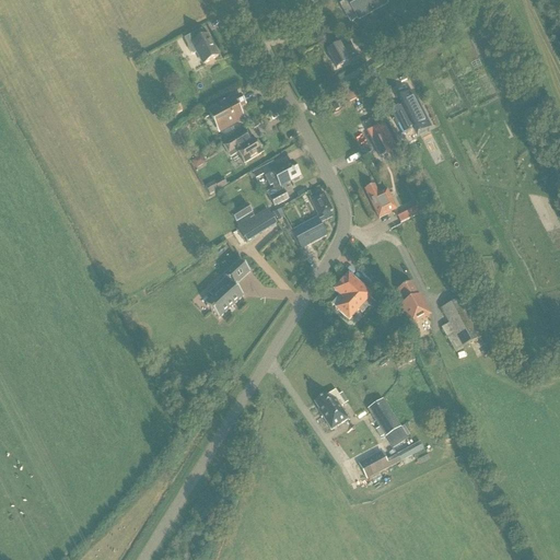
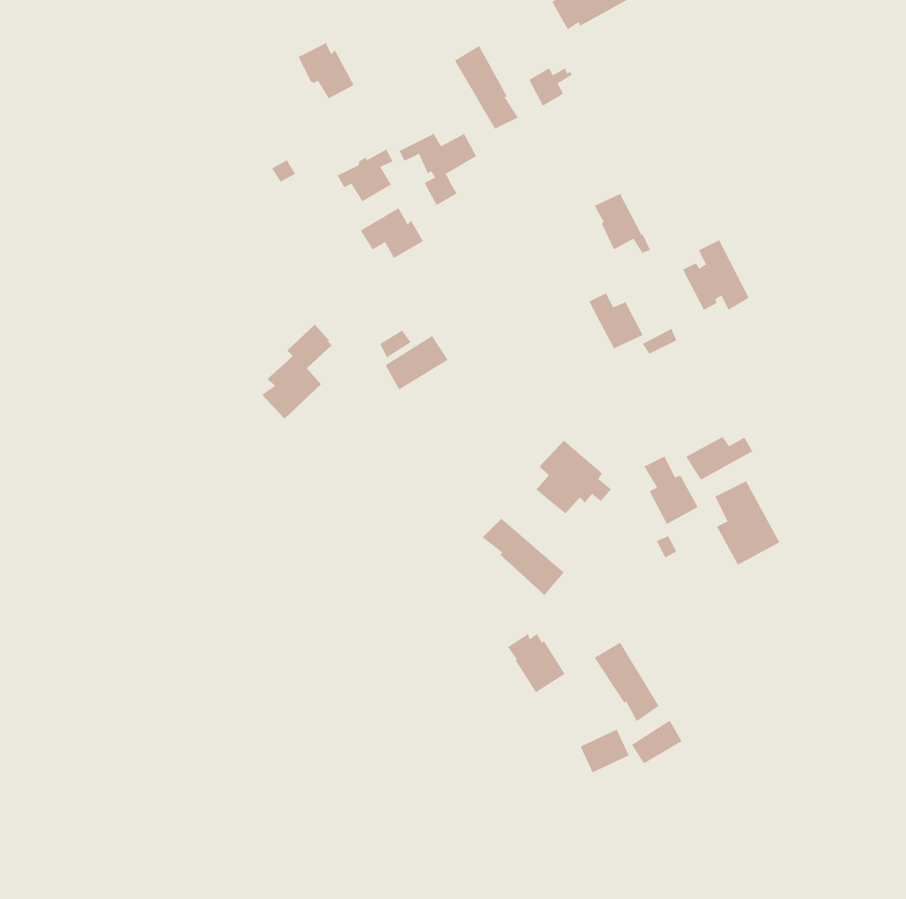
building: none -> [454,45,518,130]
building: [388,88,430,131] -> [682,239,750,310]
building: [252,159,300,203] -> [399,133,477,206]
building: [293,190,331,249] -> none
building: [206,256,249,315] -> [262,324,333,420]
building: none -> [686,436,753,481]
building: none -> [482,518,564,596]

